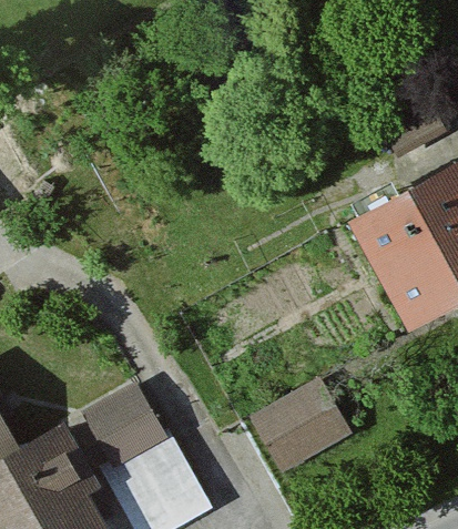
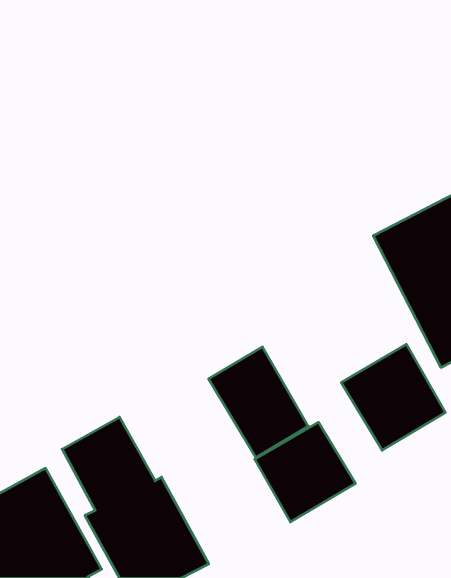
building: none -> [341,344,445,450]
building: none -> [209,347,308,458]

